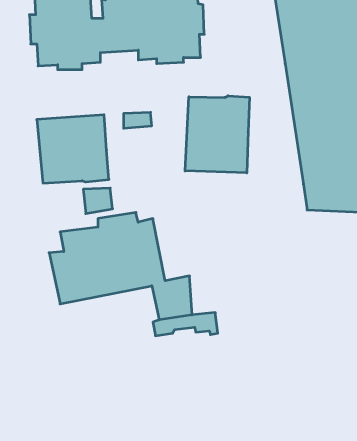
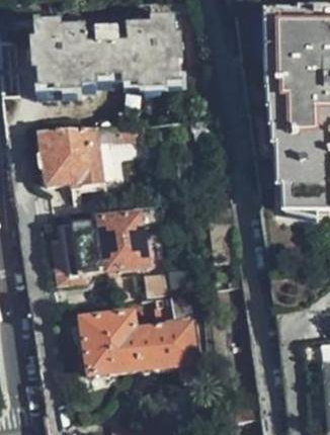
building: [185,96,249,173] -> none
building: none -> [77,309,200,377]

